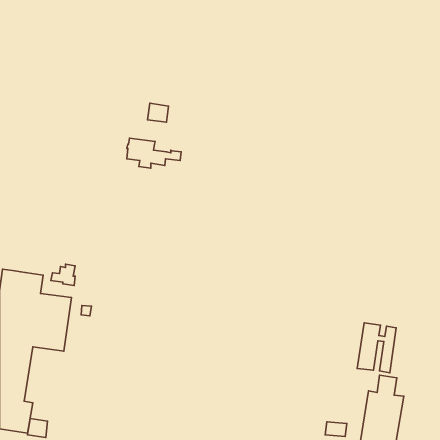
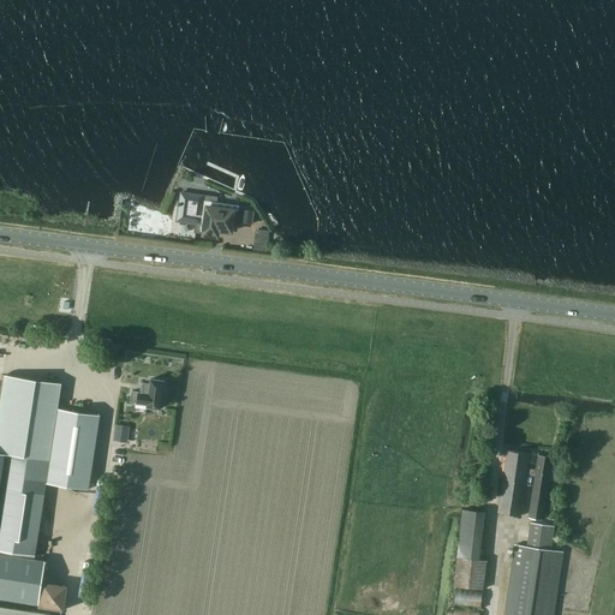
building: [148,103,168,122] -> none
building: [51,264,75,286] -> [130,380,163,410]
building: none -> [456,508,486,589]

